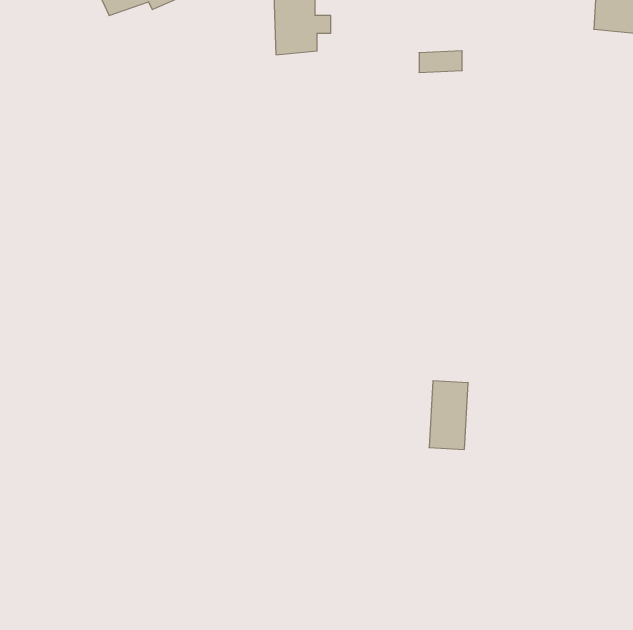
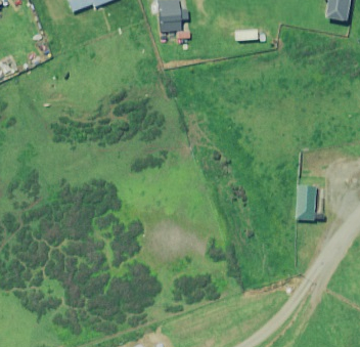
building: [429,381,468,449] -> [297,184,317,220]

